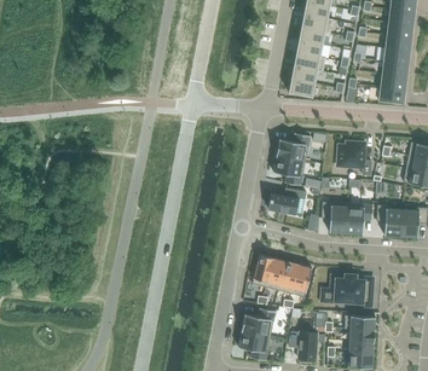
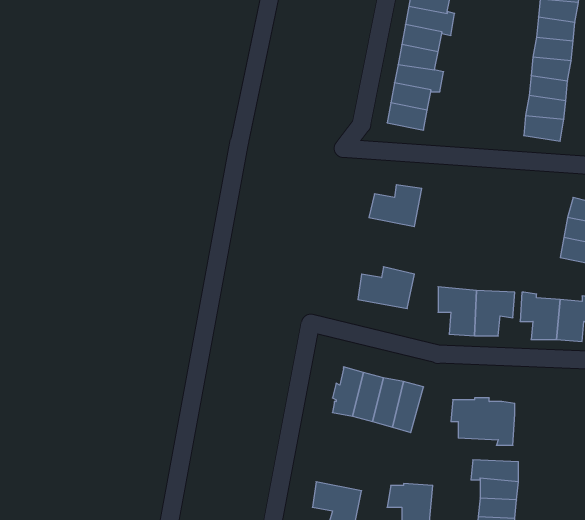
building: [337,141,371,175] -> none
building: [272,155,306,185] -> none
building: [241,308,276,336] -> none

